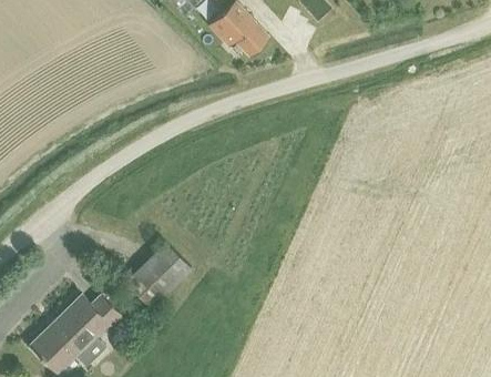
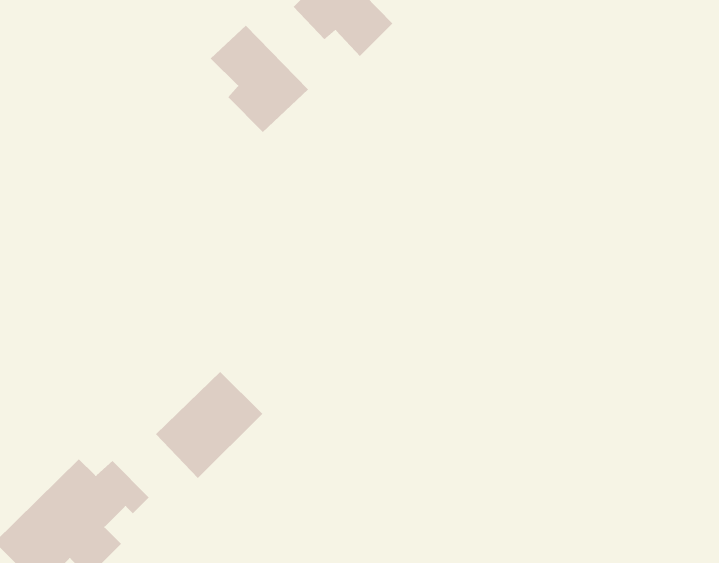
building: none -> [210,25,309,133]

